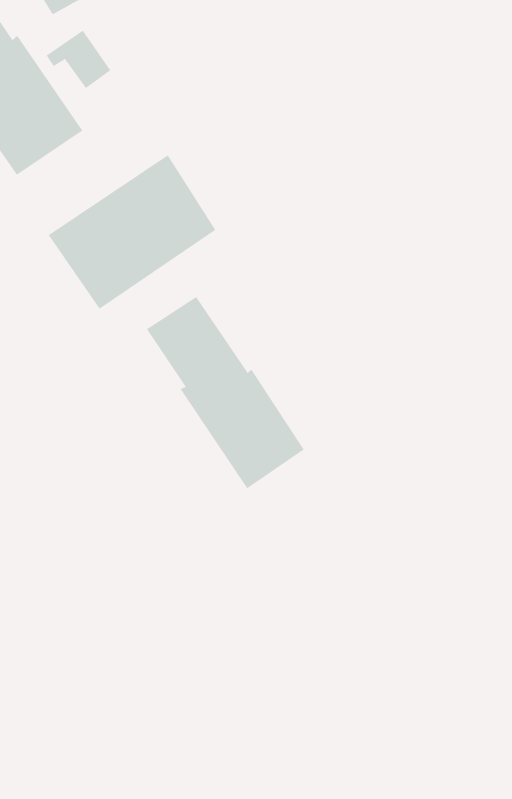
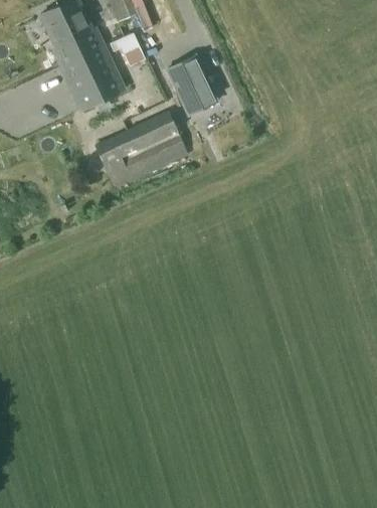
building: none -> [167,55,217,115]
building: [146,296,305,489] -> none

